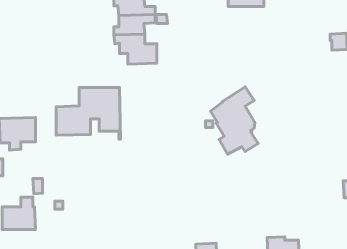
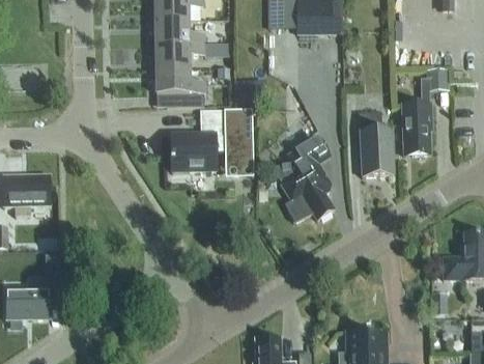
building: none -> [402,103,432,155]
building: none -> [360,112,394,176]
building: [56,87,120,139] -> [172,110,254,176]

